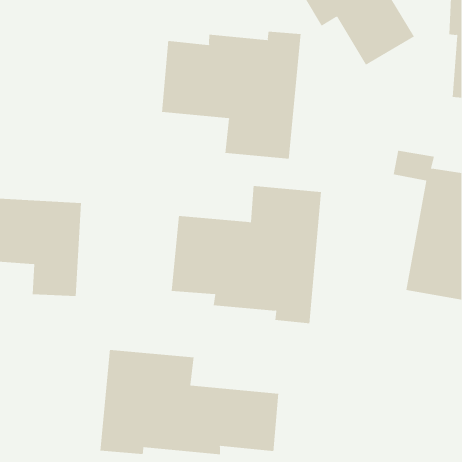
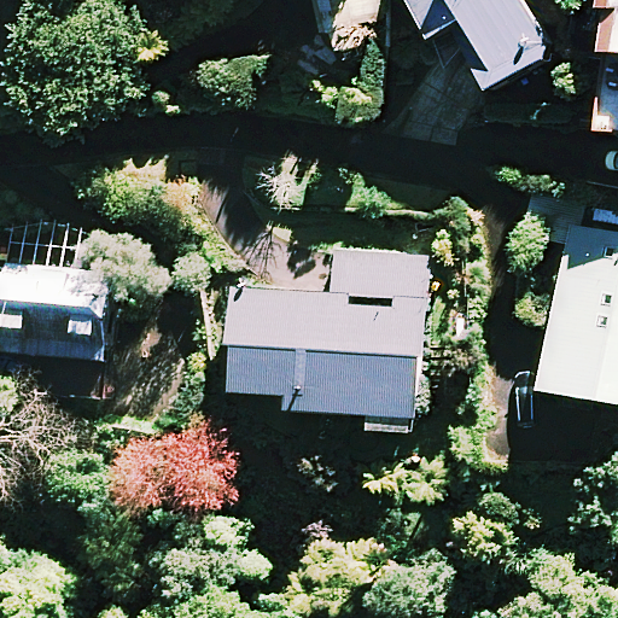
building: [162,31,301,160] -> none
building: [100,349,279,455] -> none

